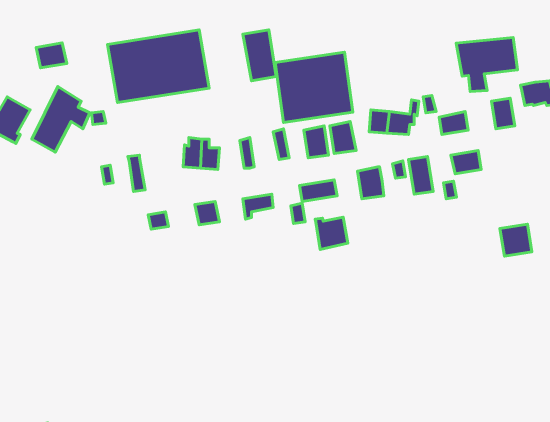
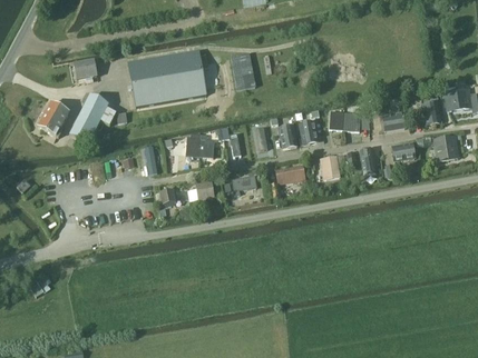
building: [456,37,518,91] -> none
building: [275,52,353,123] -> none
building: [315,217,348,250] -> none
building: [500,224,532,256] -> [433,136,458,160]

